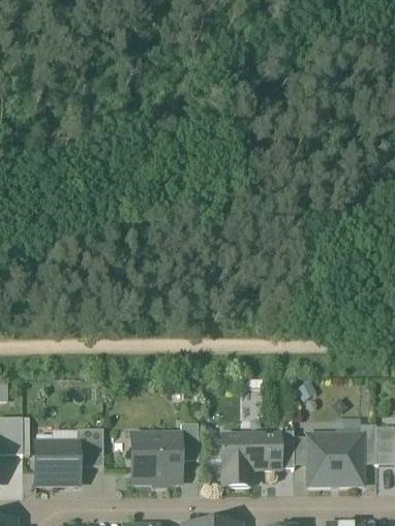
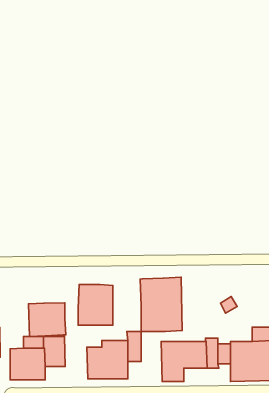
building: none -> [140,277,182,331]
building: none -> [78,285,113,325]
building: none -> [29,303,66,336]

